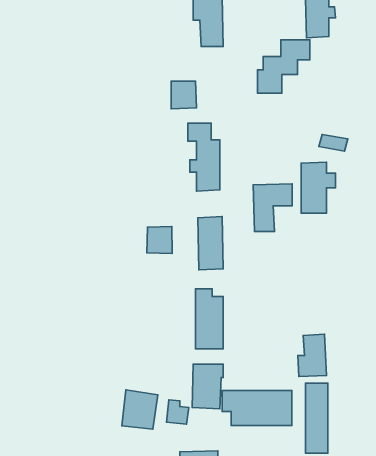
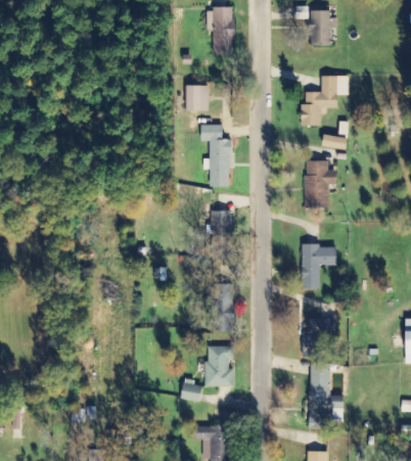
building: [257,40,310,93] -> [300,76,348,125]
building: [253,184,292,232] -> [301,244,336,288]
building: [147,227,172,253] -> none
building: [122,390,158,429] -> none
building: [222,390,292,426] -> none

